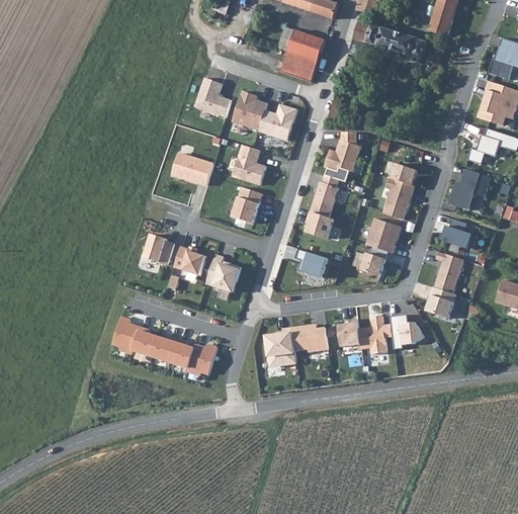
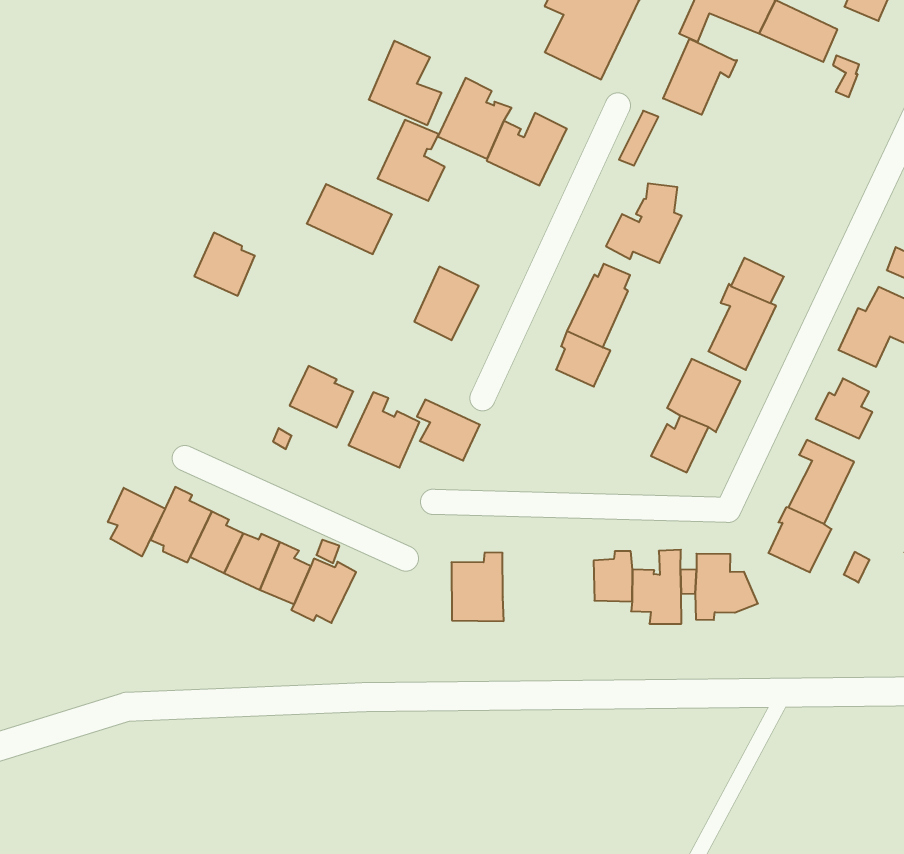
building: none -> [663,39,737,115]
building: [232,146,265,185] -> [377,120,445,201]
building: [144,234,173,264] -> [194,233,255,296]
building: [294,249,327,277] -> [417,400,480,461]
building: none -> [108,488,165,556]
building: [291,324,328,352] -> none

